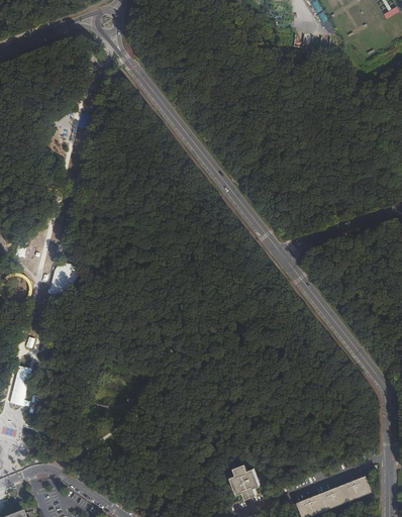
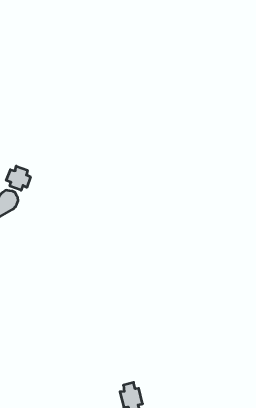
building: none -> [6,166,30,190]

